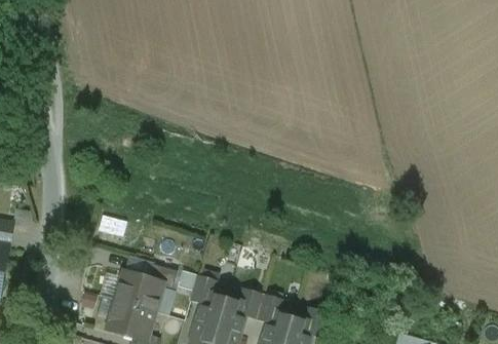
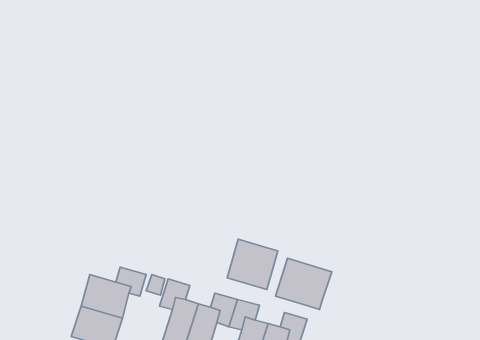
building: none -> [227,239,278,290]
building: none -> [275,258,332,310]

